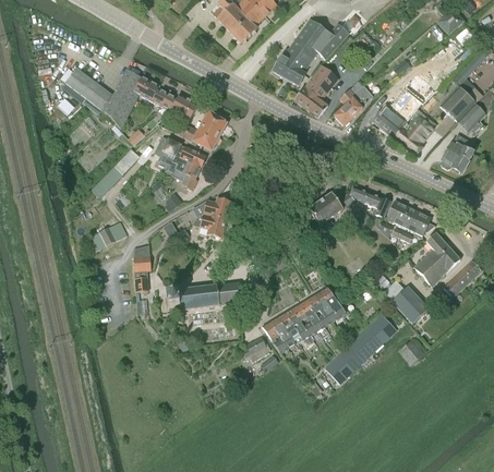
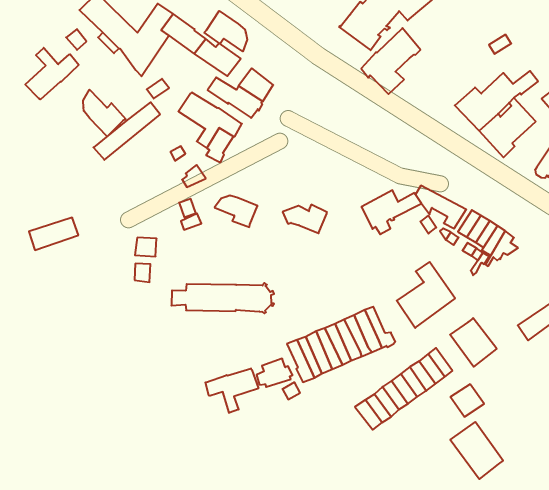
building: none -> [204,11,247,51]
building: [334,85,373,125] -> none
building: none -> [25,48,79,99]
building: none -> [83,90,126,136]
building: [195,197,230,219] -> [283,205,327,233]
building: [87,221,126,251] -> [29,218,78,250]
building: [413,232,459,286] -> [397,262,455,328]
building: none -> [205,368,258,413]
building: none -> [450,422,503,479]

